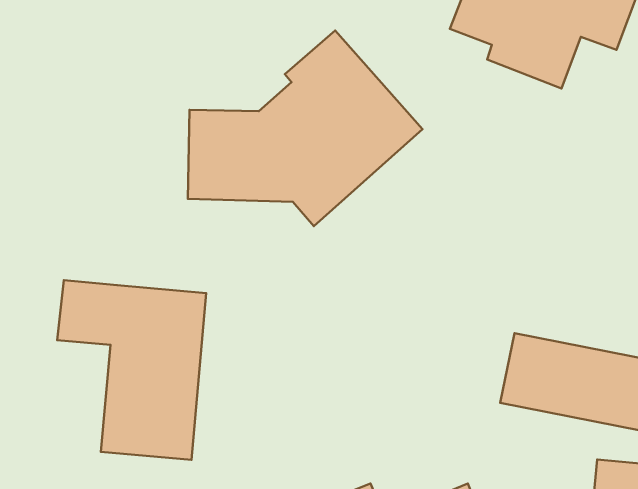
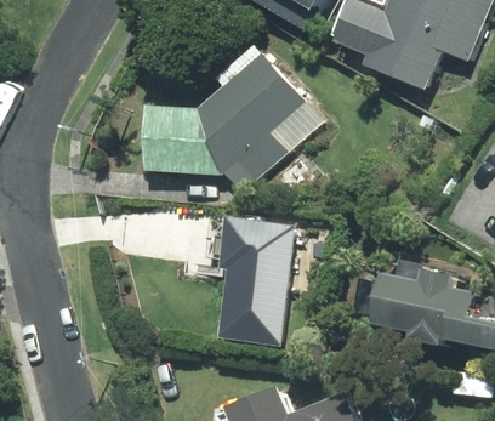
building: [57,280,206,460] -> [181,212,292,347]

